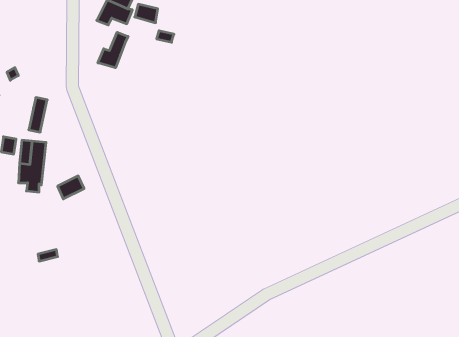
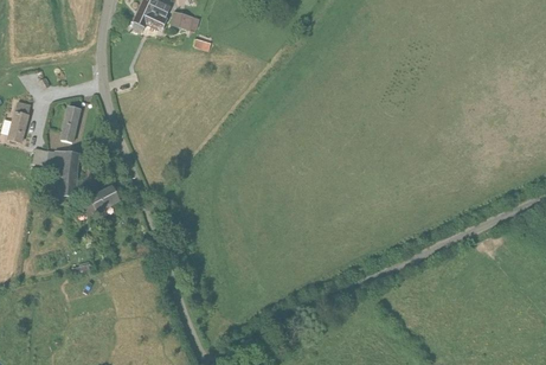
building: [98,32,128,68] -> none

